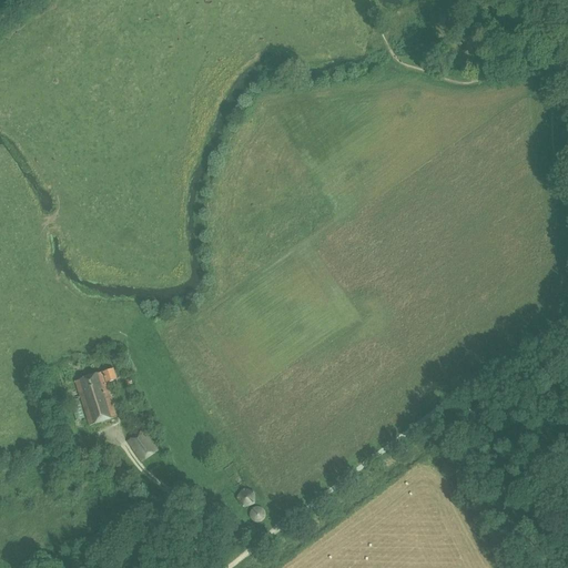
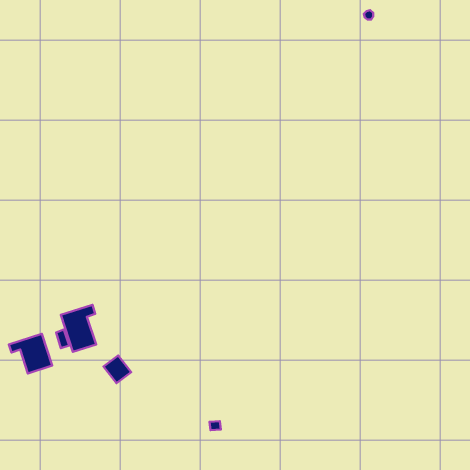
building: none -> [9,334,52,373]

